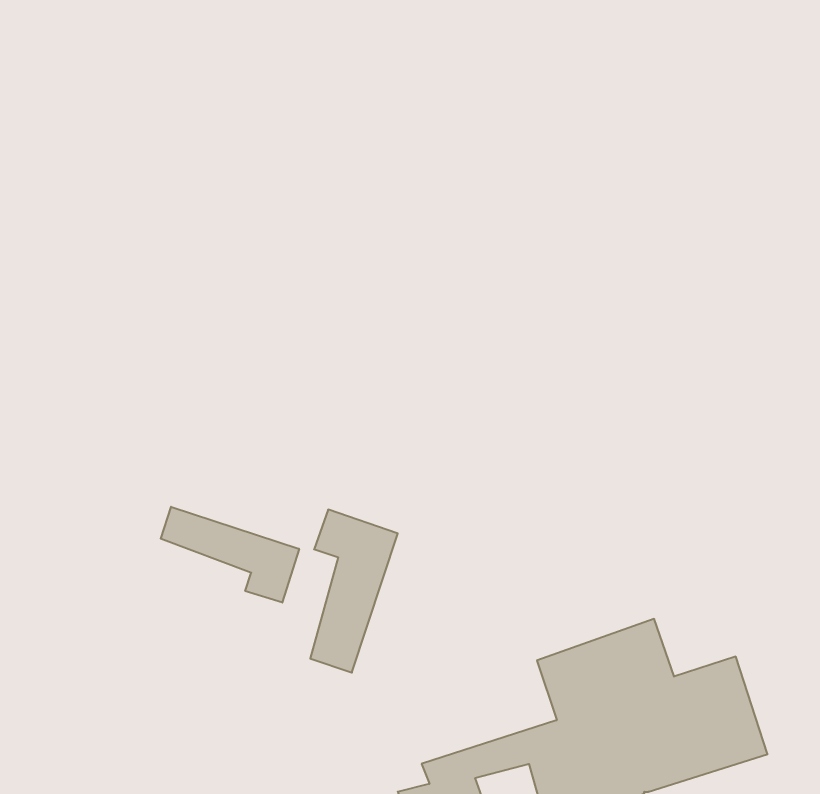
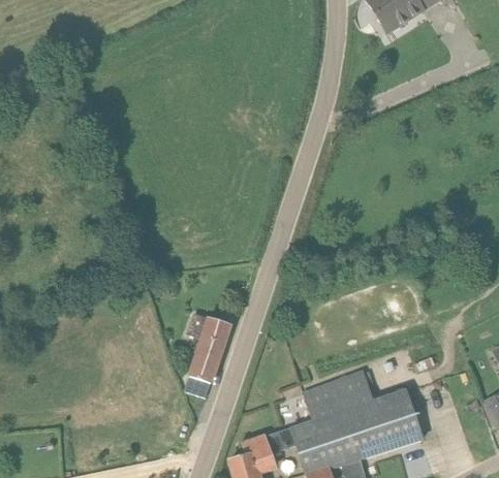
building: [161,507,299,603] -> none

